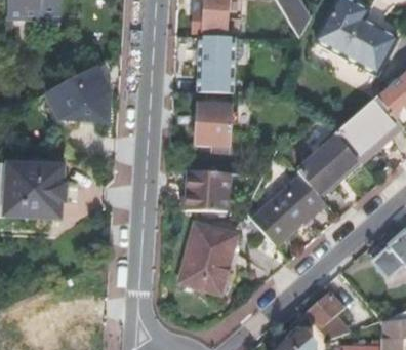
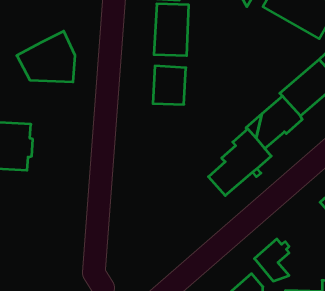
building: [186,170,241,211] -> none
building: [178,222,237,293] -> none

